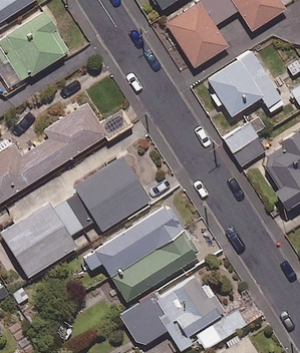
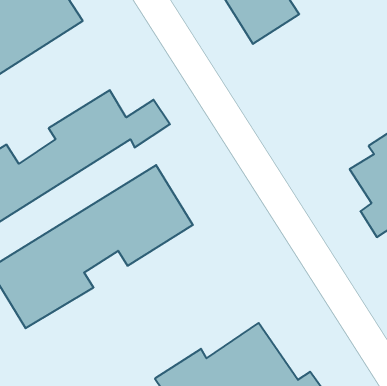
building: [206,50,284,116] -> none
building: [227,125,266,165] -> none
building: [83,205,201,301] -> none

